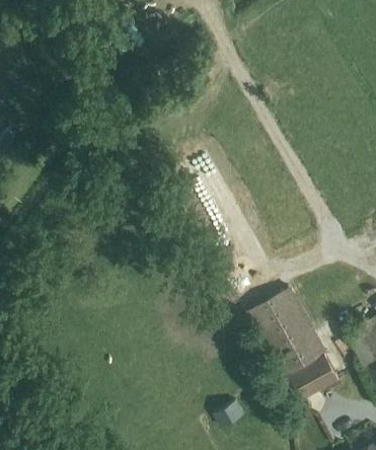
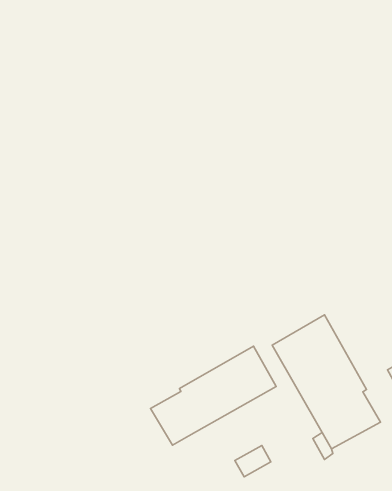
building: none -> [151,346,276,445]

